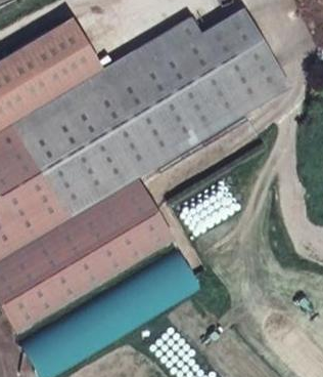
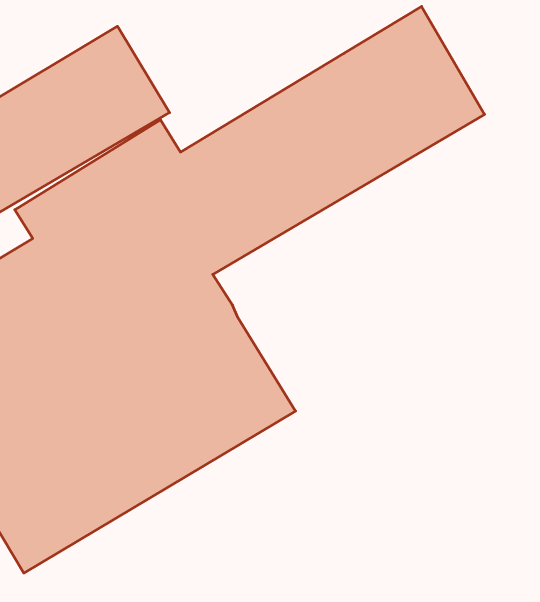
building: [94,18,198,91] -> none
building: [124,70,288,178] -> none

